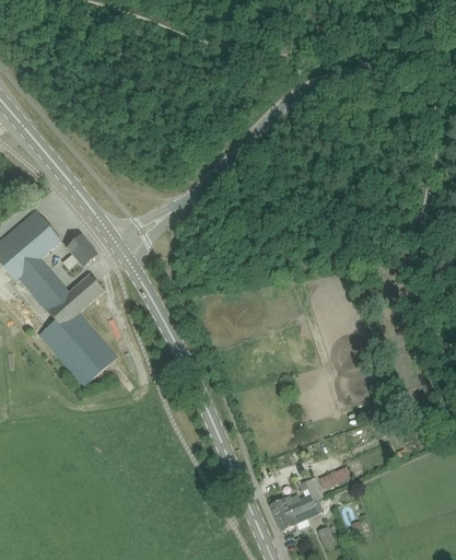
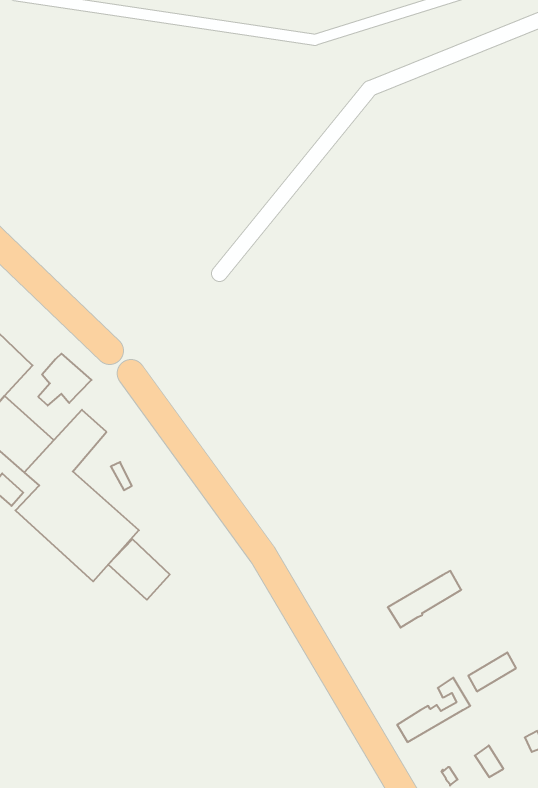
building: none -> [108,539,170,600]
building: [274,498,324,530] -> [388,571,461,628]

